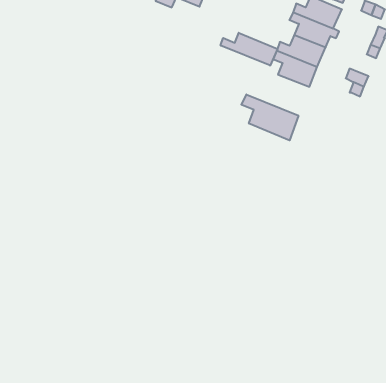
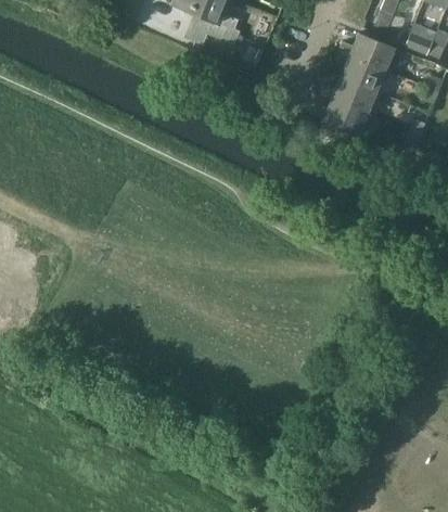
building: [221,33,277,66] -> none
building: [241,94,298,140] -> none

